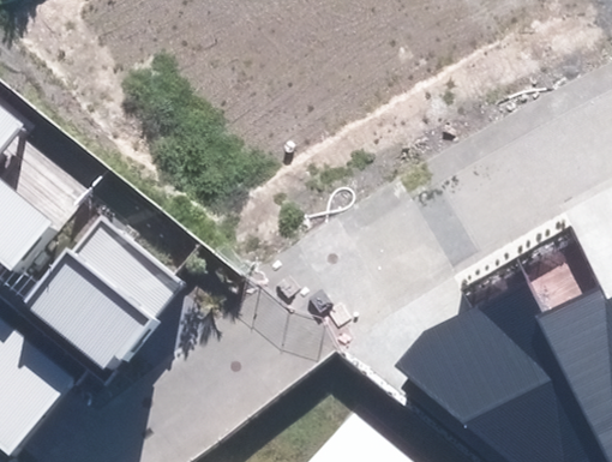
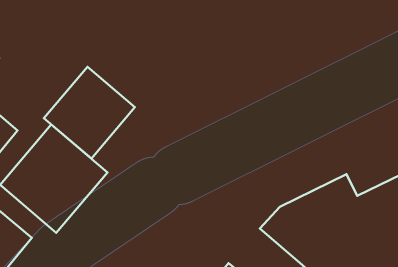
building: none -> [44,67,135,158]

